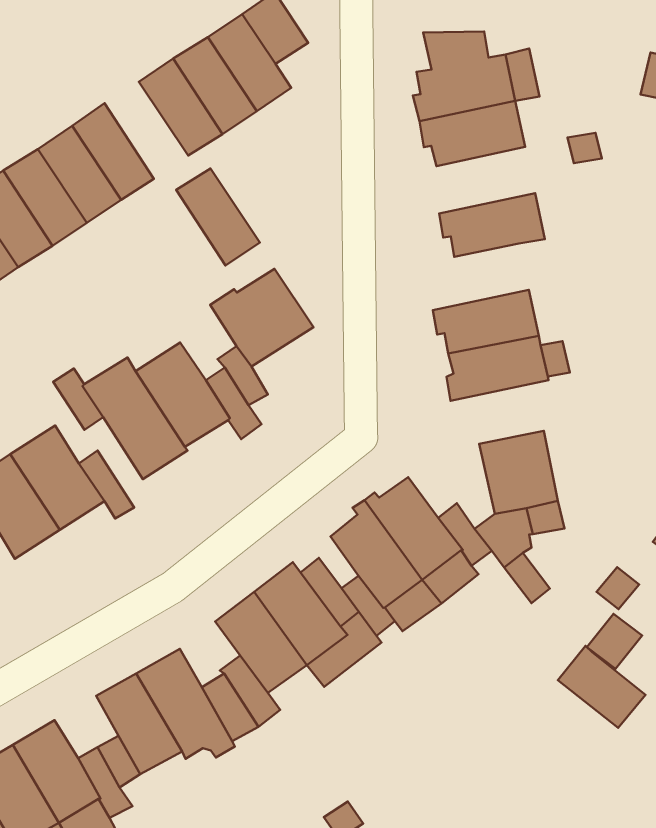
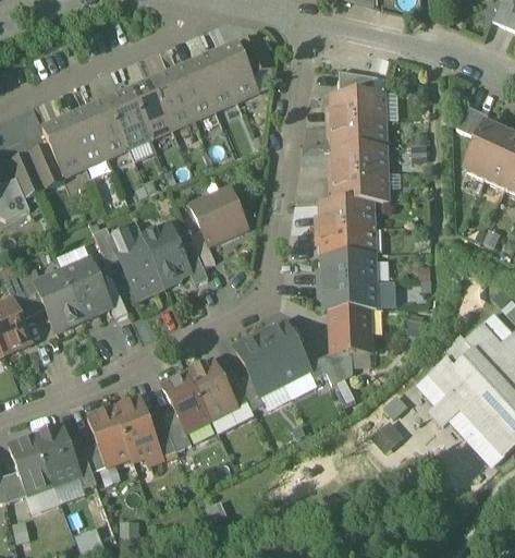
building: none -> [329,146,387,175]
building: [176,169,260,266] -> [150,71,193,128]
building: none -> [316,201,373,230]
building: none -> [318,281,377,311]
building: [558,646,645,728] -> none

